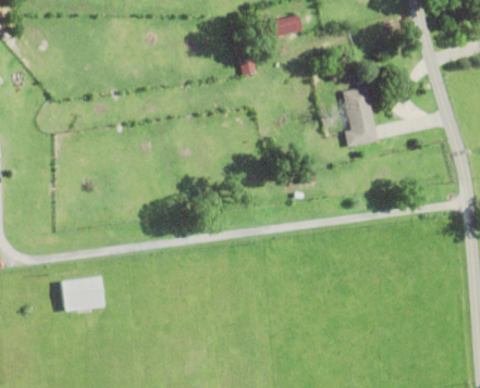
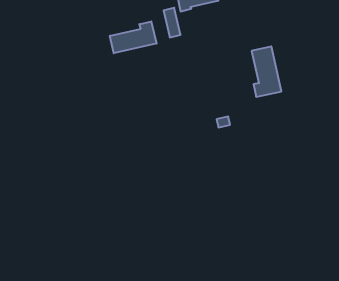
building: none -> [110,21,157,53]
building: [64,276,107,310] -> none

